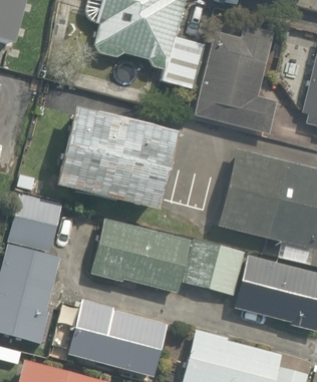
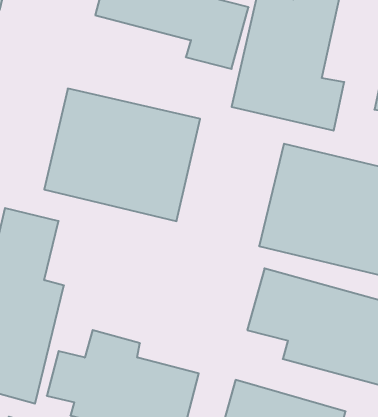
building: [90,219,217,295] -> none

